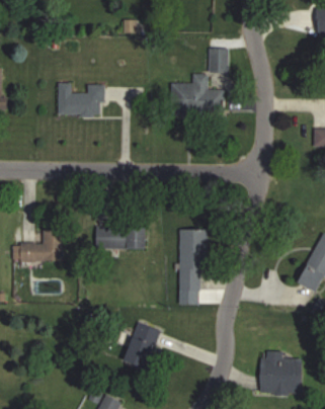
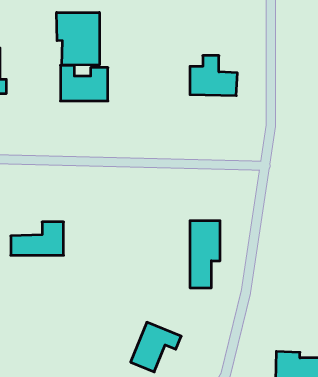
building: none -> [57,12,99,65]
building: [209,49,227,71] -> none
building: [94,226,145,250] -> none

